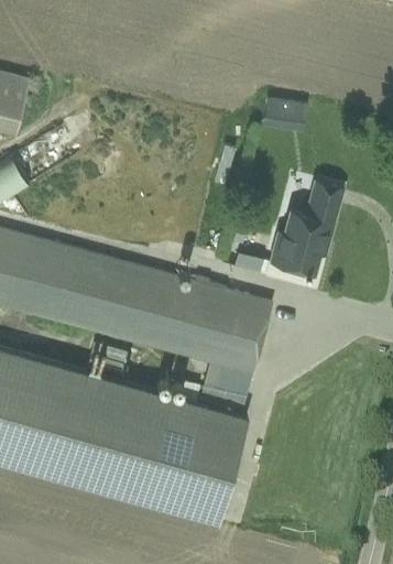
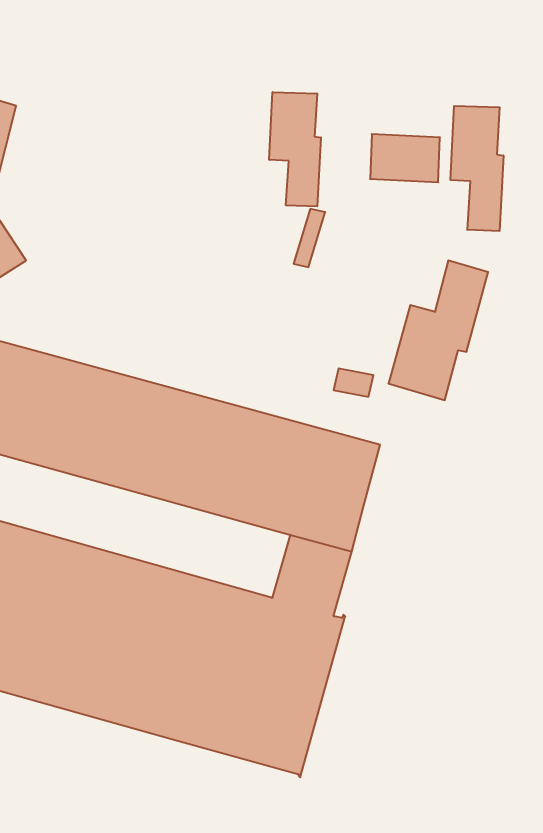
building: none -> [269,92,321,206]
building: none -> [451,106,503,231]

